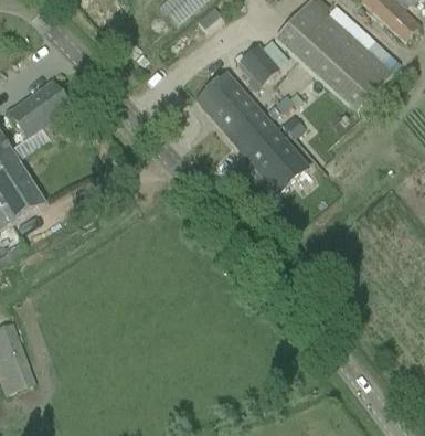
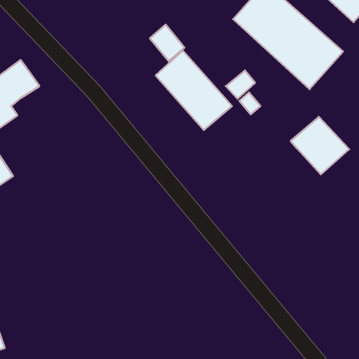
building: [242,44,278,83] -> [150,25,184,61]
building: [246,128,308,189] -> [291,117,349,174]

